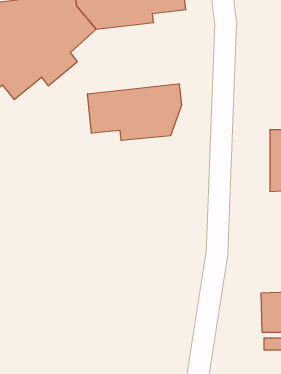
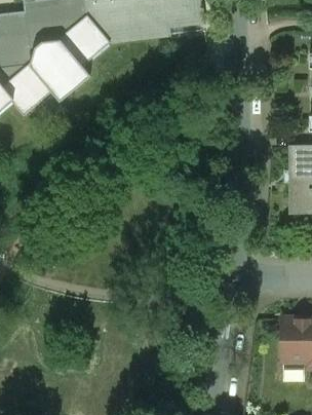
building: [88,84,181,141] -> none

